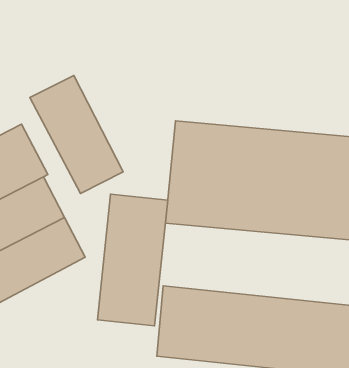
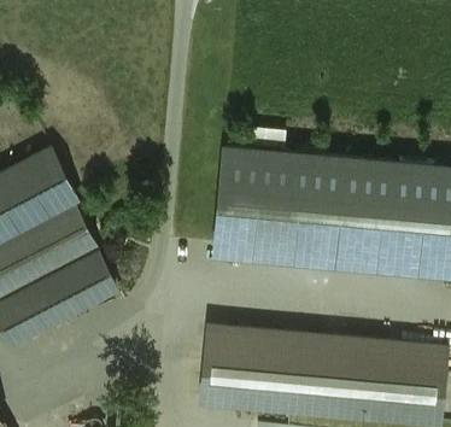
building: [30,75,123,194] -> none
building: [97,194,168,326] -> none

